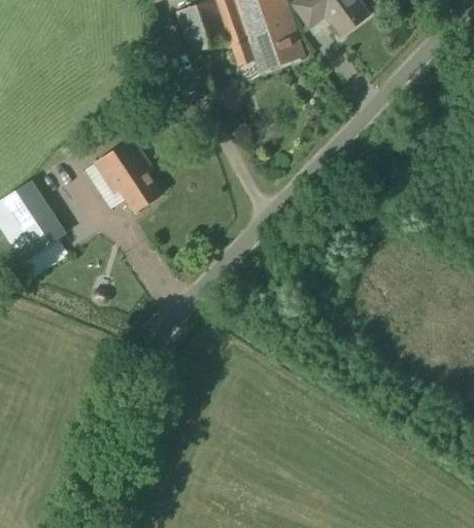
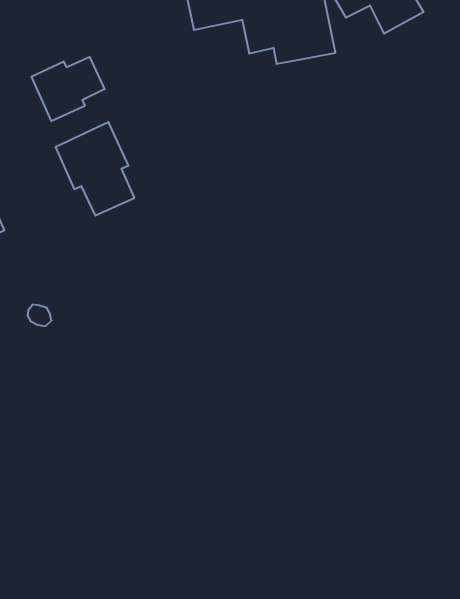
building: none -> [31,57,105,121]

